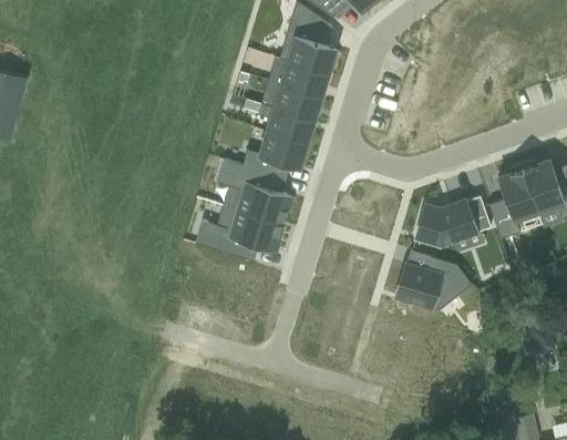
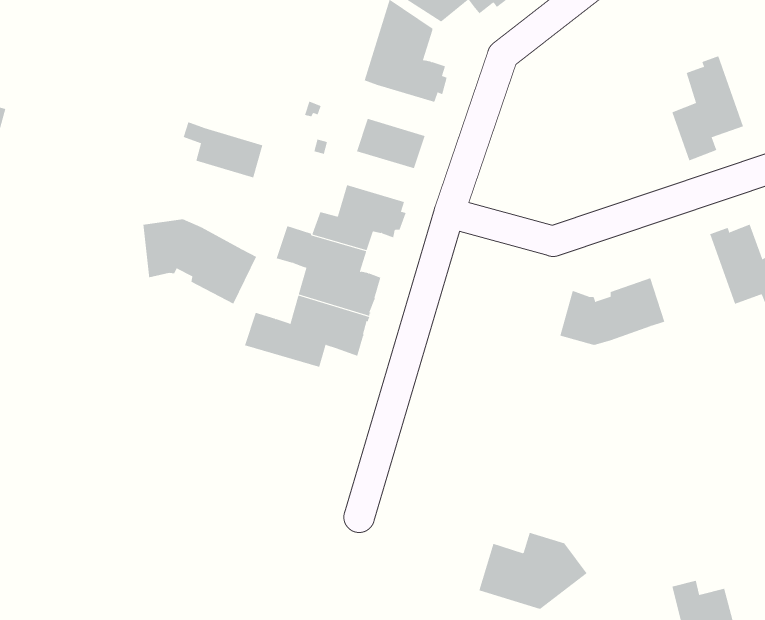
building: [280,61,328,96] -> none
building: [257,103,313,143] -> [183,122,263,178]
building: none -> [143,219,257,305]
building: [487,165,538,239] -> [671,56,744,161]
building: [395,256,472,310] -> [479,532,587,609]

